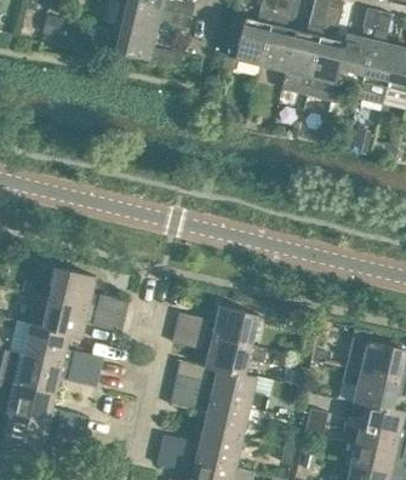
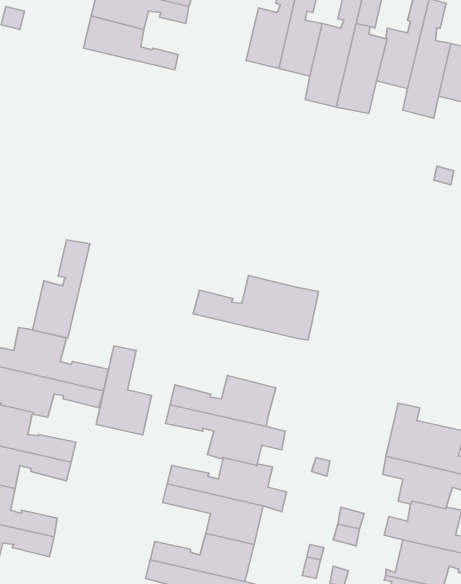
building: none -> [33,240,90,338]
building: none -> [193,276,319,340]
building: none -> [96,346,152,435]

